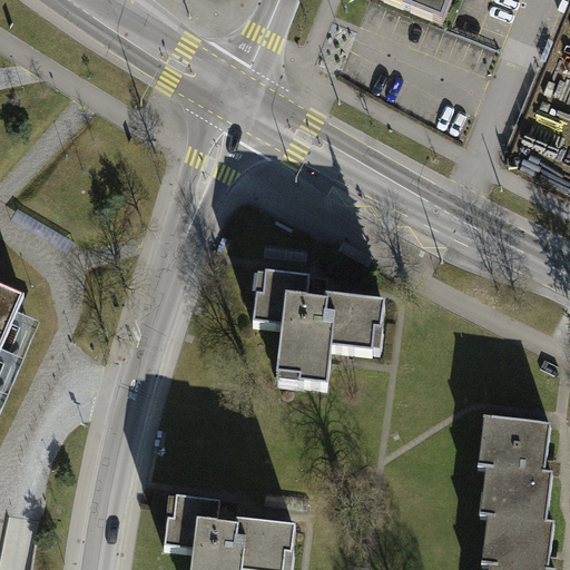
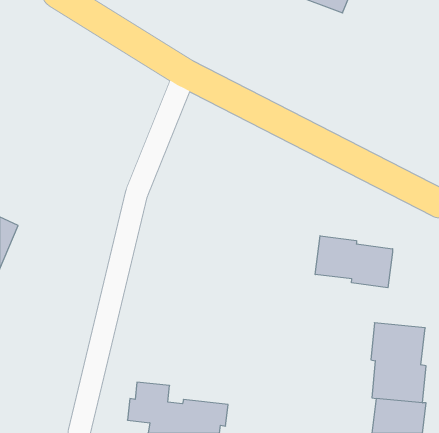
building: [248,273,382,391] -> none
building: none -> [315,236,393,288]

